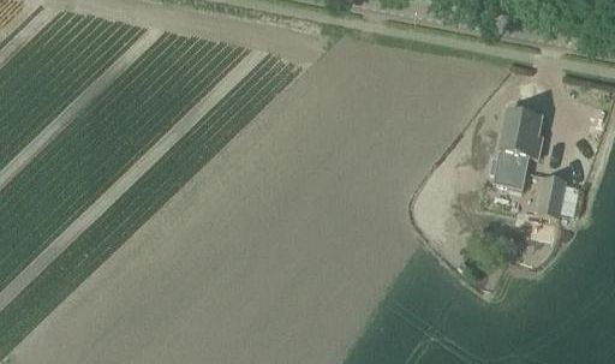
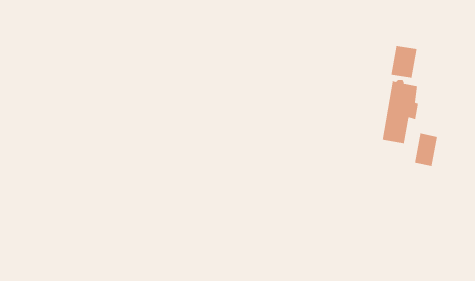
building: none -> [390,45,417,79]

